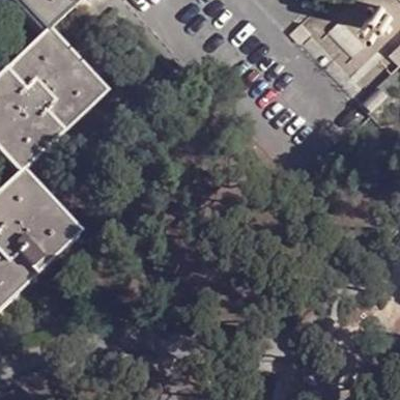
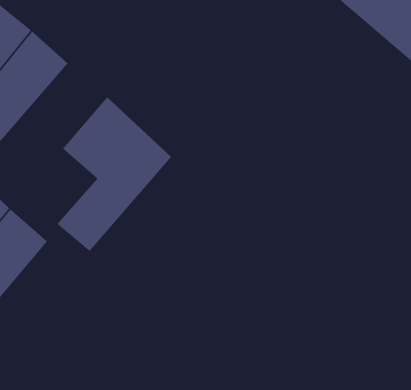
building: none -> [57,97,172,252]

